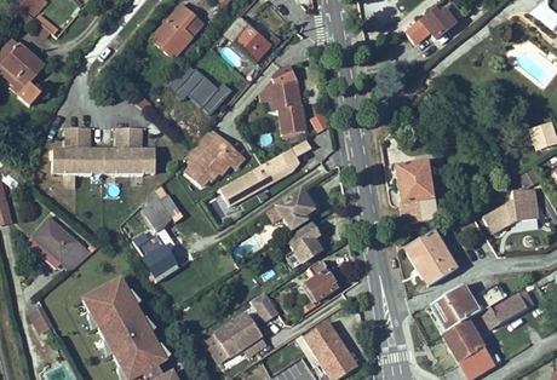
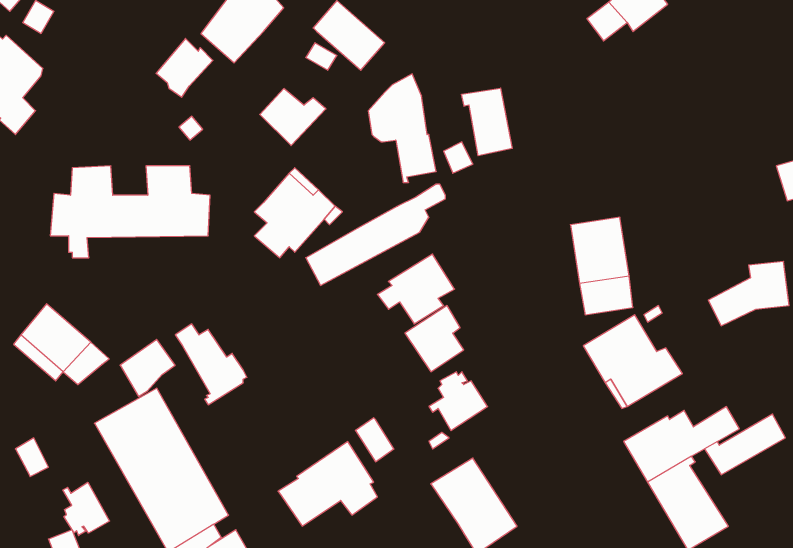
building: [167,62,205,100] -> [156,38,213,97]
building: none -> [462,88,512,156]
building: [144,194,180,231] -> [120,339,175,396]
building: none -> [63,482,110,536]

